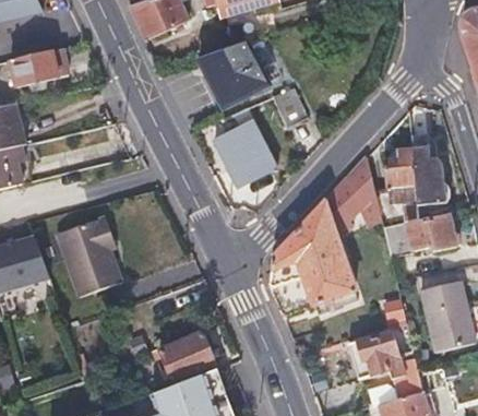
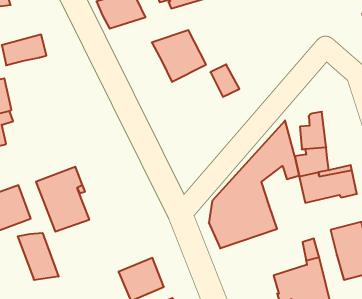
building: [207,106,274,183] -> none
building: [409,133,449,201] -> none
building: none -> [18,233,59,280]

